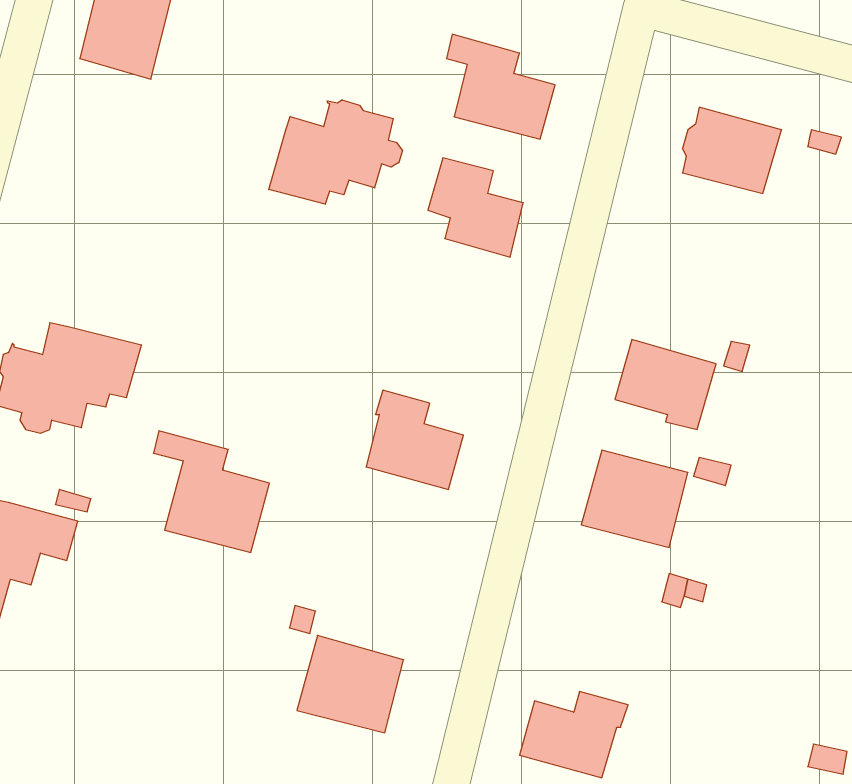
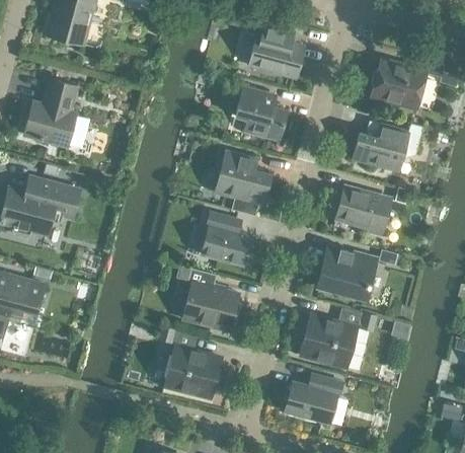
building: [269,100,402,204] -> none
building: none -> [24,78,77,146]
building: none -> [353,123,410,171]
building: none -> [216,152,270,216]
building: [153,431,269,552] -> [176,266,239,331]
building: none -> [300,314,358,367]

